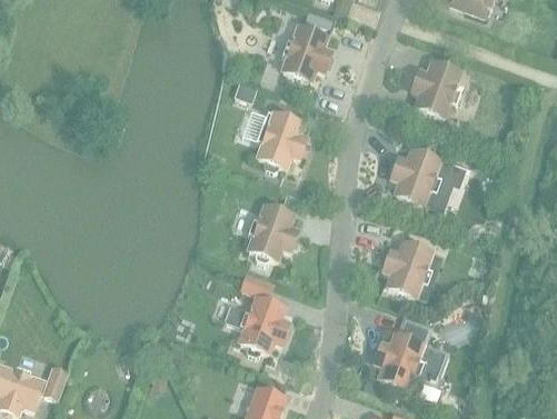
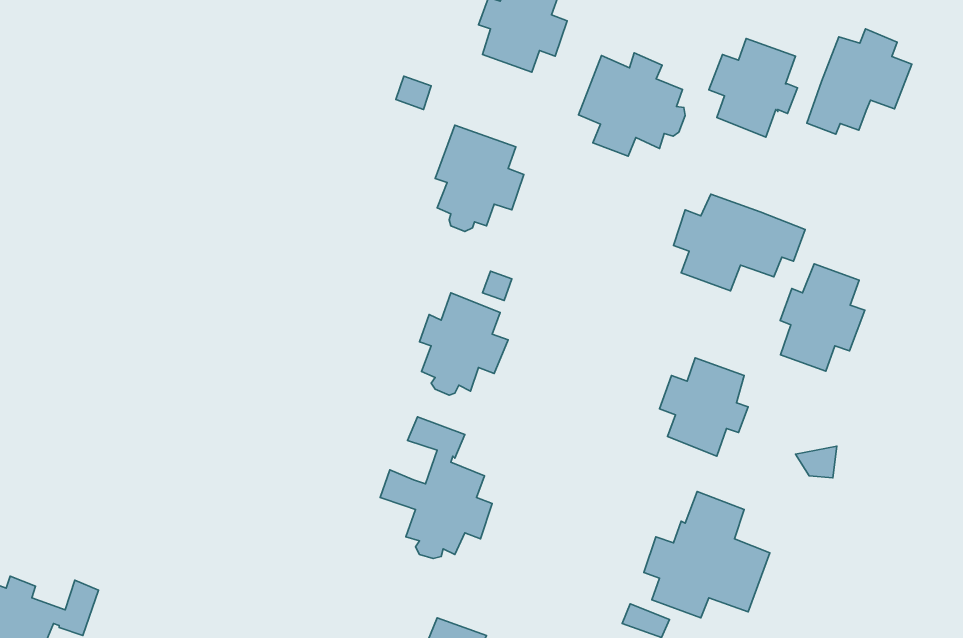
building: none -> [807,29,912,134]
building: none -> [579,53,685,156]
building: none -> [780,264,865,371]

